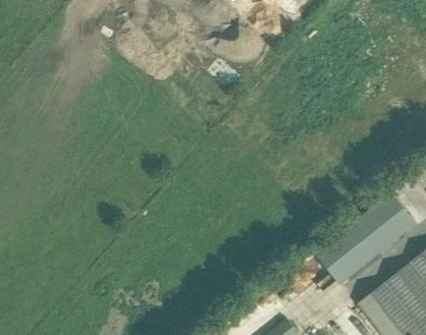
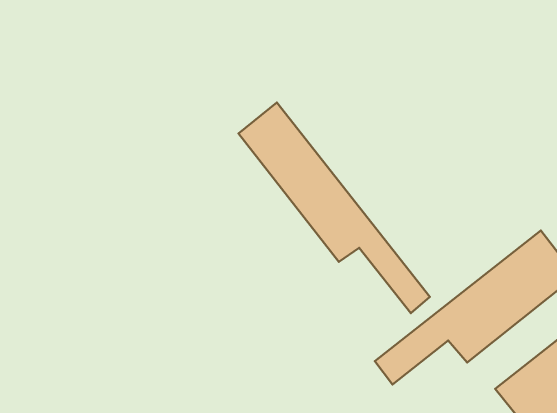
building: none -> [239,103,430,313]

